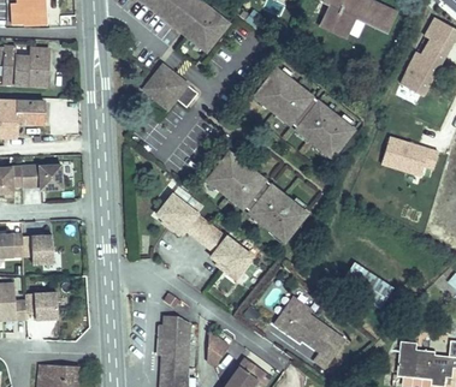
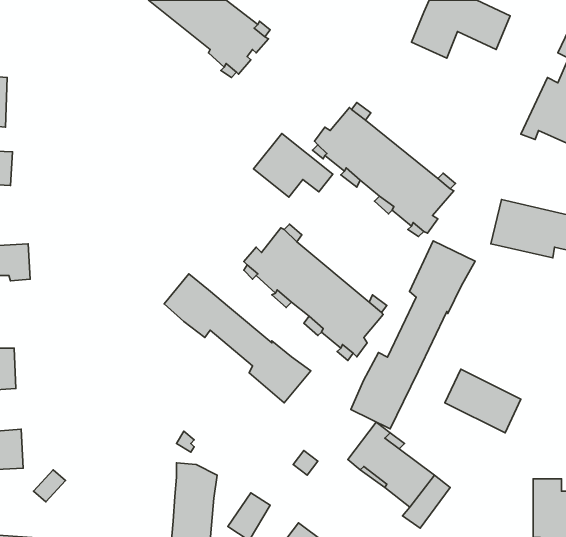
building: [141,66,195,109] -> [253,133,333,197]
building: none -> [351,241,475,429]

